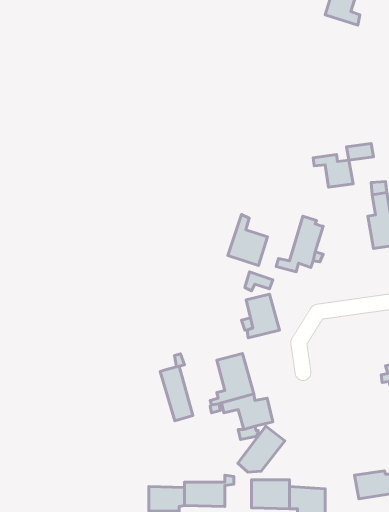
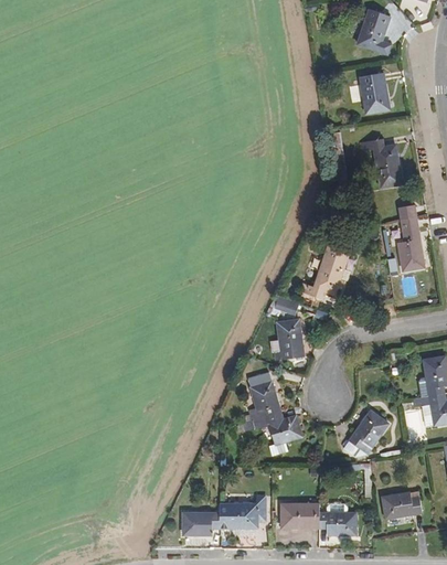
building: none -> [363,74,392,115]
building: [313,155,353,187] -> [360,140,400,172]
building: [228,215,267,266] -> none
building: [160,354,193,421] -> none
building: [238,426,285,472] -> [343,406,390,451]

